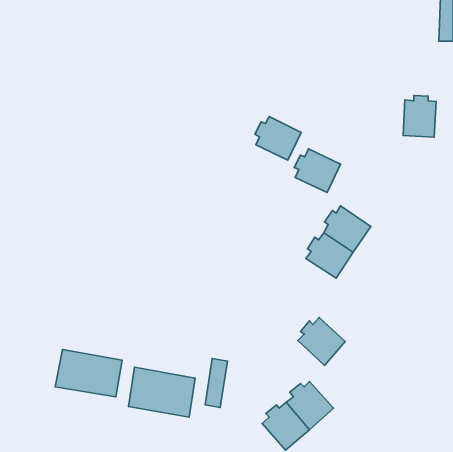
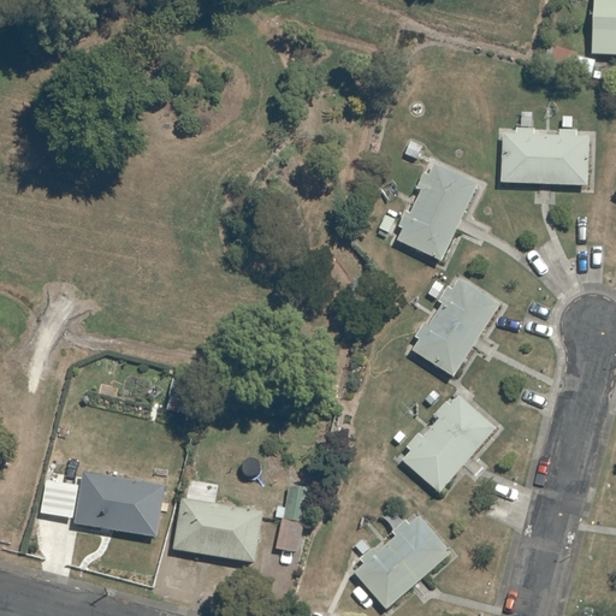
building: none -> [500,128,546,183]
building: [255,116,301,160] -> [415,162,478,221]
building: none -> [431,397,494,461]

